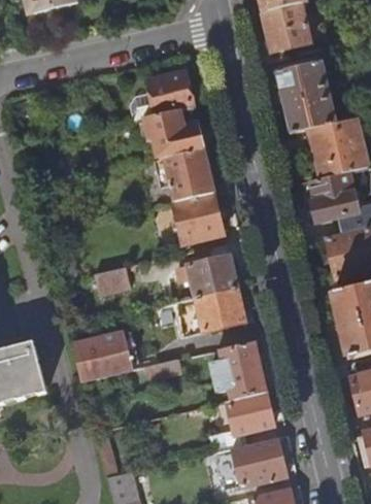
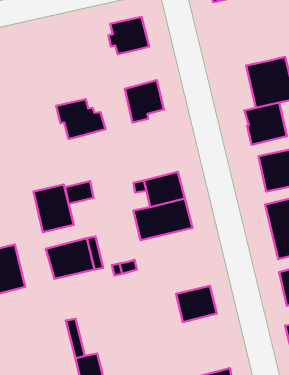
building: [275,63,334,133] -> none
building: [144,109,203,157] -> [56,99,106,139]
building: [171,191,224,243] -> none
building: none -> [33,184,74,232]
building: [210,340,266,399] -> none
building: [212,435,286,486] -> none

